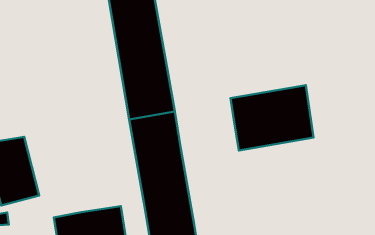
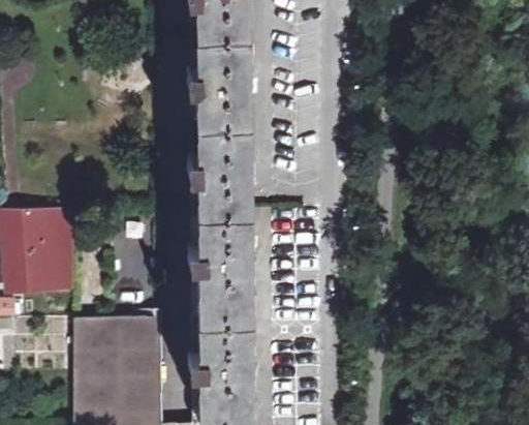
building: [231,85,314,151] -> none

